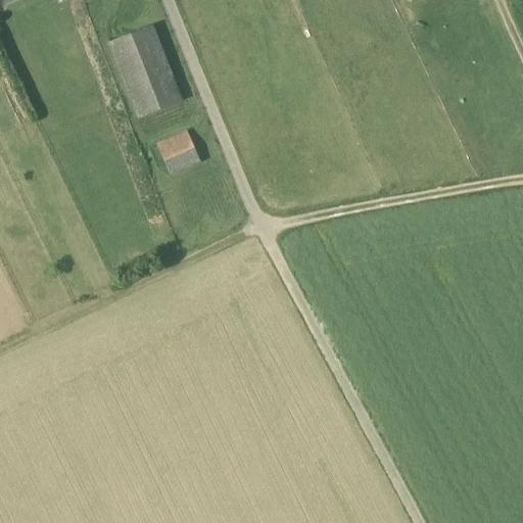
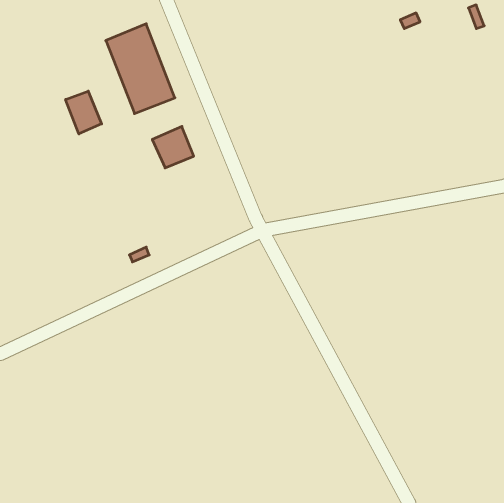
building: none -> [66,91,102,134]

